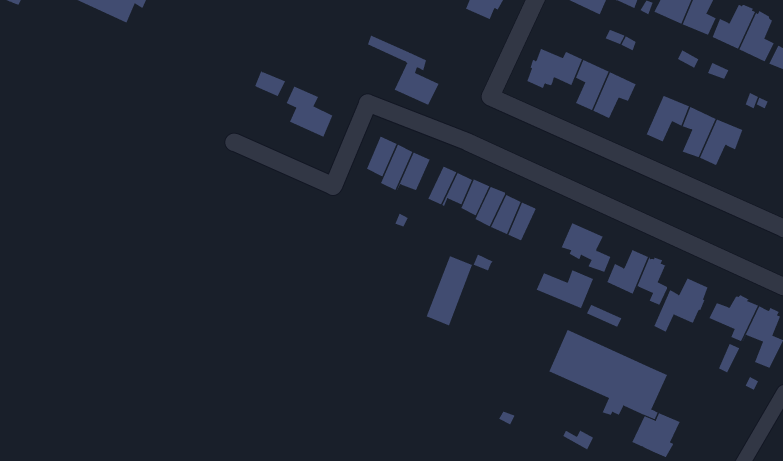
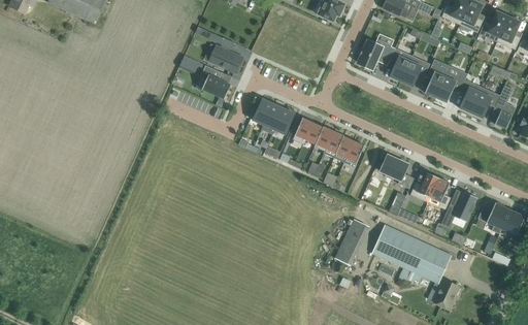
building: [367,35,440,106] -> [196,26,243,72]
building: none -> [425,64,448,98]
building: none -> [492,85,516,128]
building: [426,255,473,326] -> [334,219,365,265]

